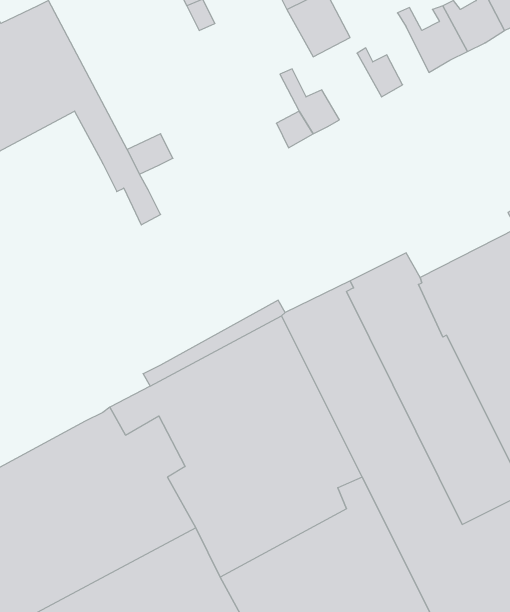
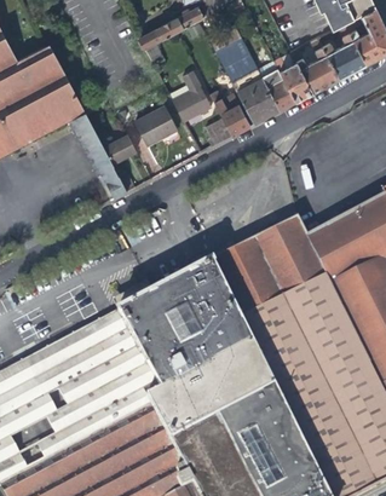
building: none -> [272,58,311,102]
building: none -> [172,70,209,120]
building: none -> [236,79,278,123]
building: none -> [134,106,175,145]

